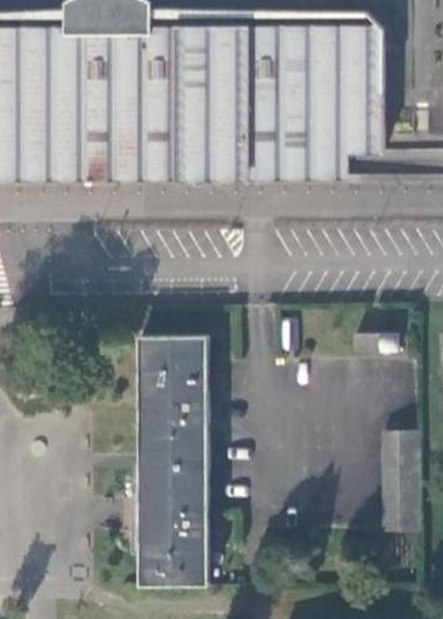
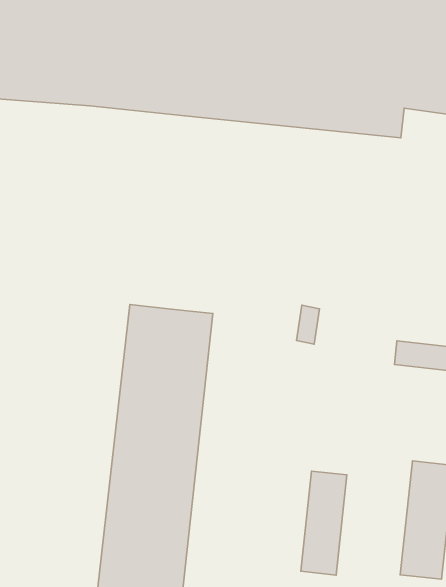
building: none -> [301,471,347,575]

